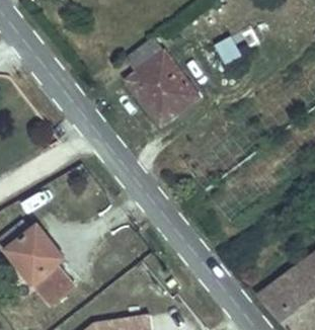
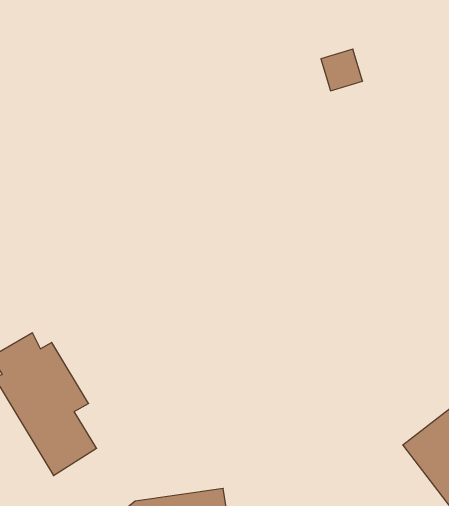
building: [131,43,198,118] -> none

